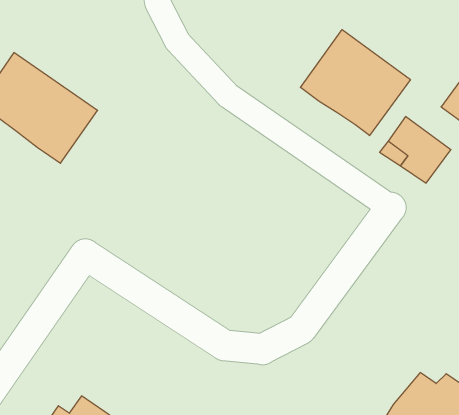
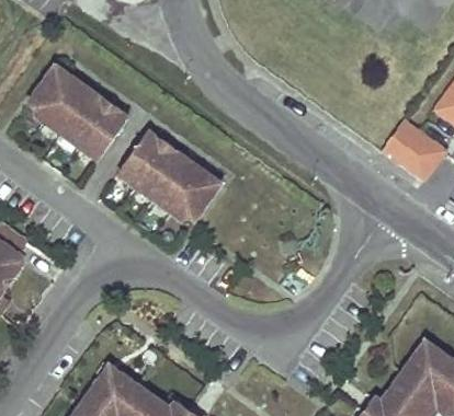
building: [300,30,410,136] -> none
building: none -> [117,130,223,228]

